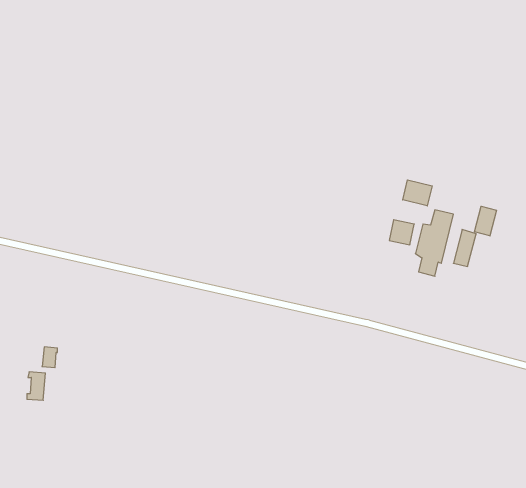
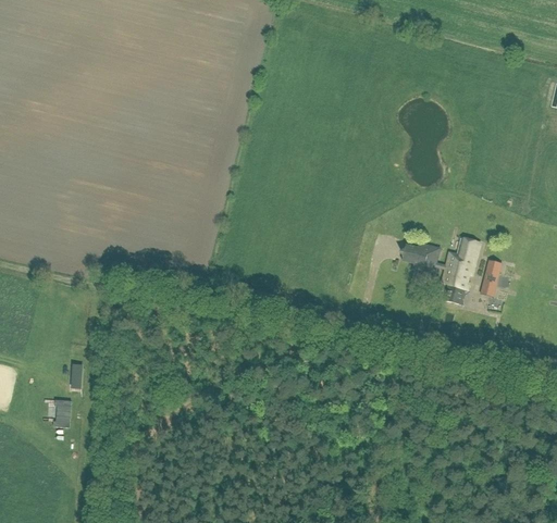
building: [403,180,432,206] -> none
building: [474,206,497,236] -> none

